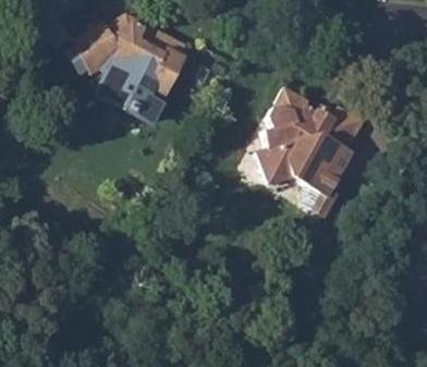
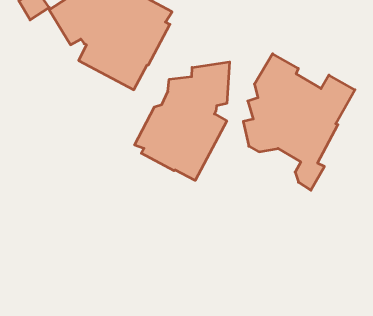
building: none -> [135,62,230,180]

